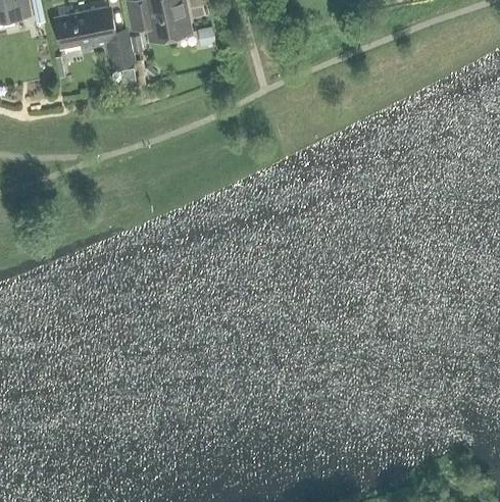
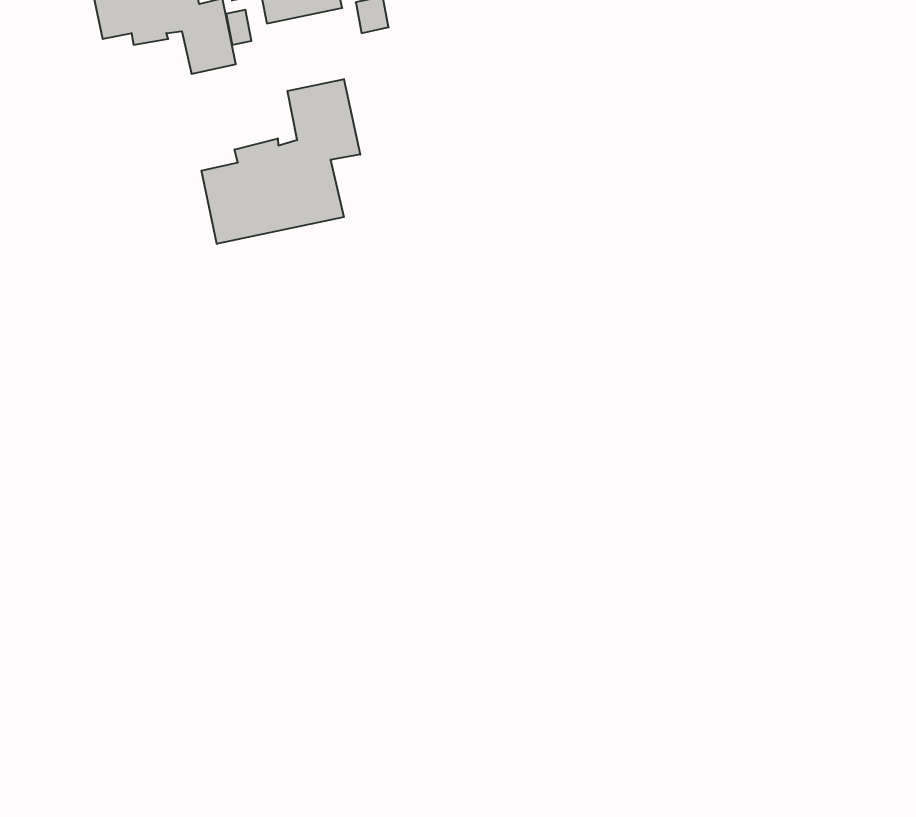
building: none -> [201,79,360,244]

